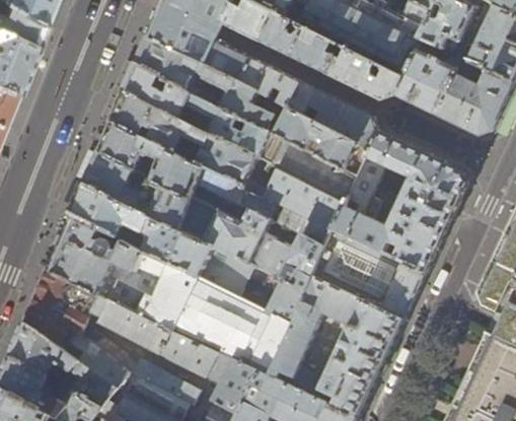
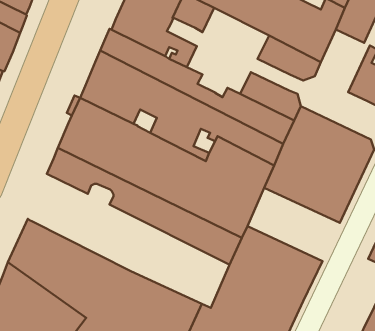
building: [257,12,339,74] -> none
building: [394,39,461,115] -> none
building: [238,59,316,117] -> none
building: [50,214,290,377] -> none
building: [312,231,425,321] -> none

